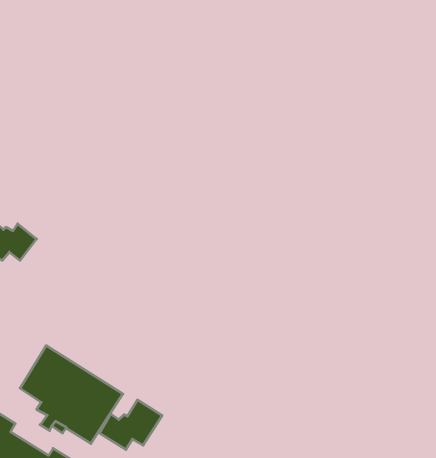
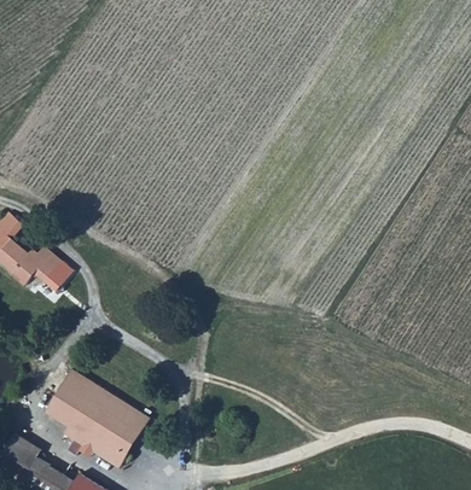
building: [100,400,162,450] -> none

